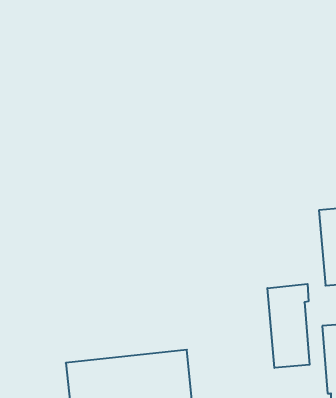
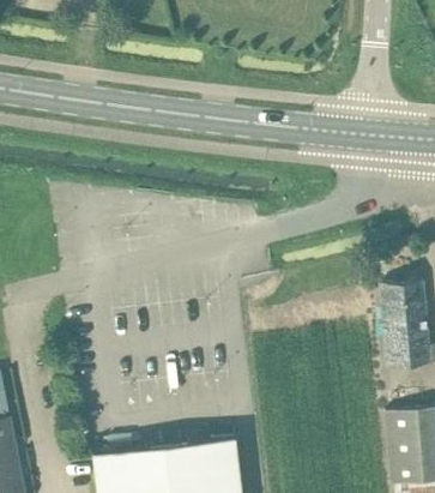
building: [267,284,310,368] -> none

